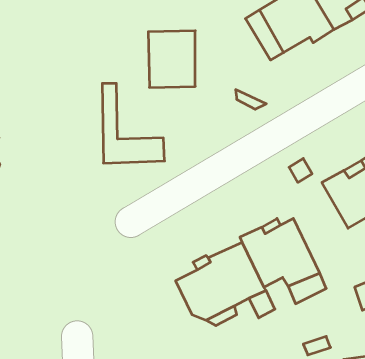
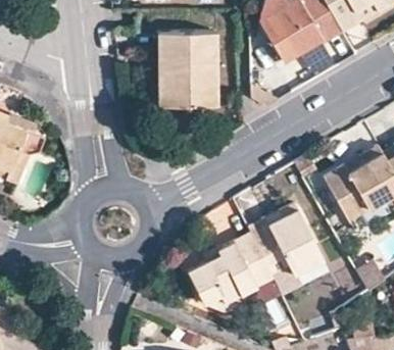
building: [102,83,165,163] -> [153,35,211,109]

